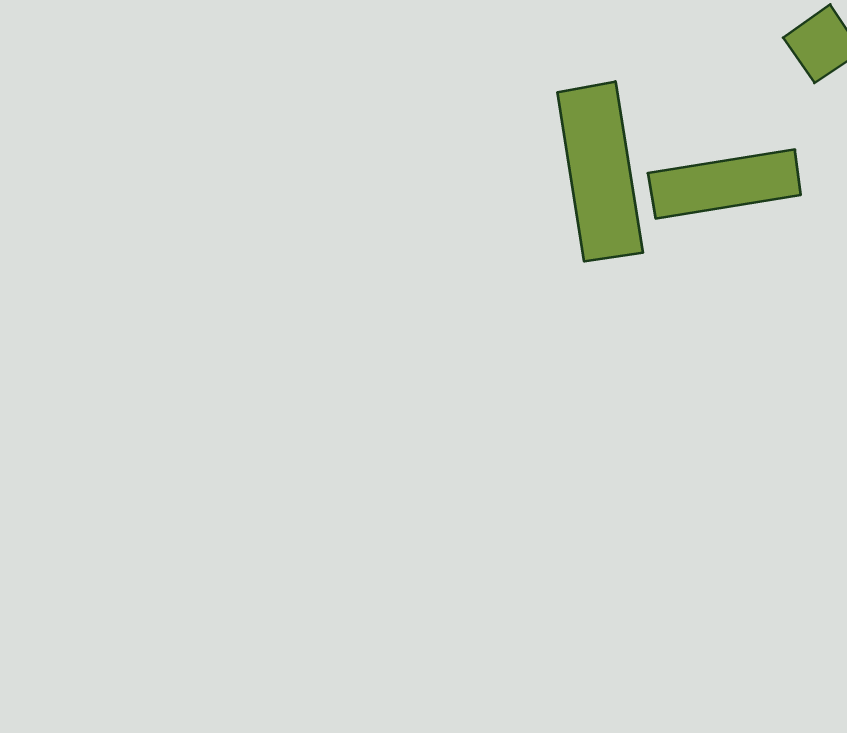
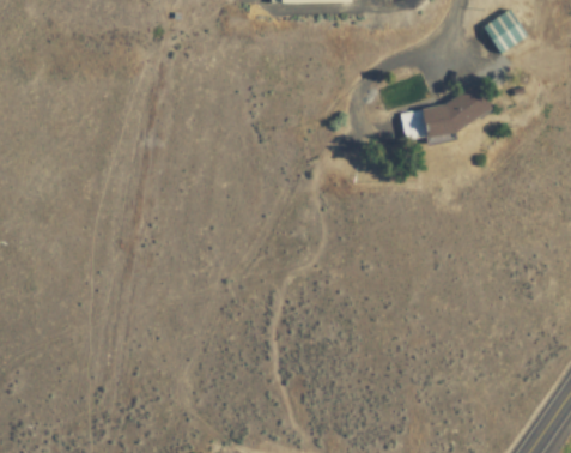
building: [558,81,643,261] -> none

